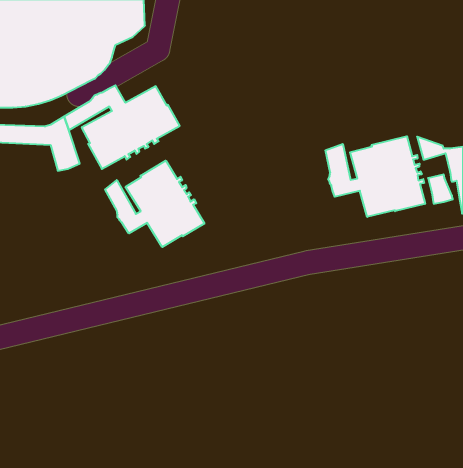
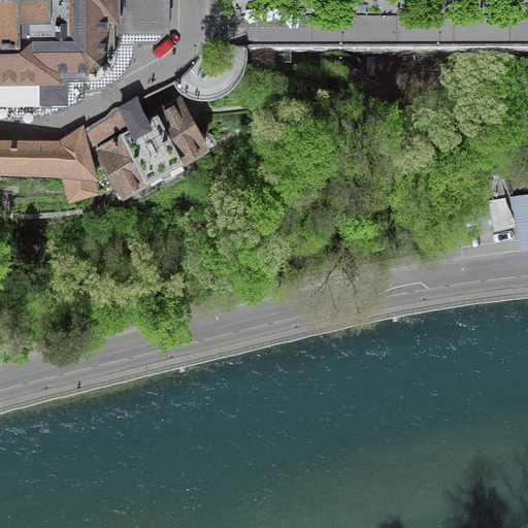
building: [325,136,425,217] -> none
building: [105,161,204,247] -> none

